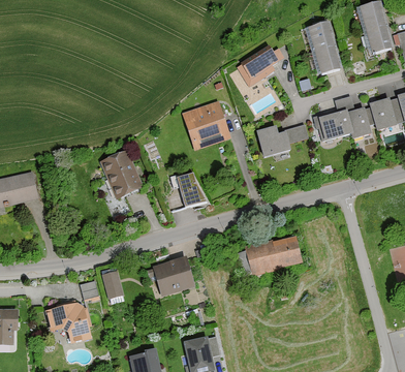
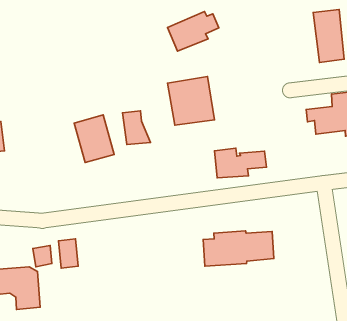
building: [236,46,283,87] -> [168,11,219,51]
building: [257,126,308,157] -> [214,148,267,178]
building: [179,174,209,207] -> [123,111,151,145]
building: [152,256,195,297] -> none

